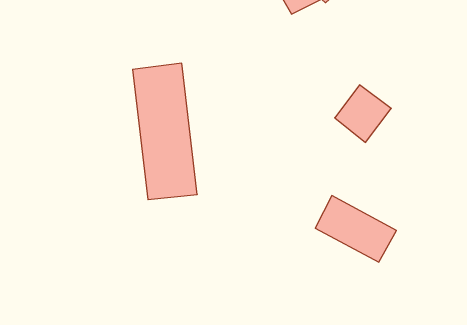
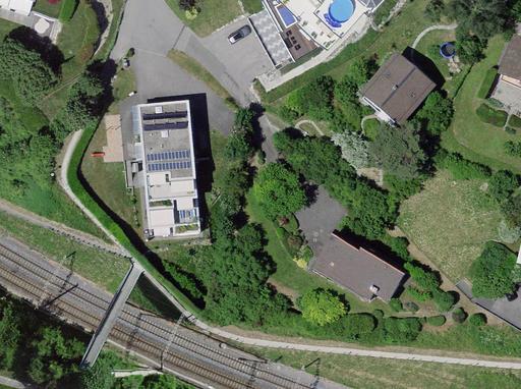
building: [335,85,391,142] -> [372,66,428,123]

